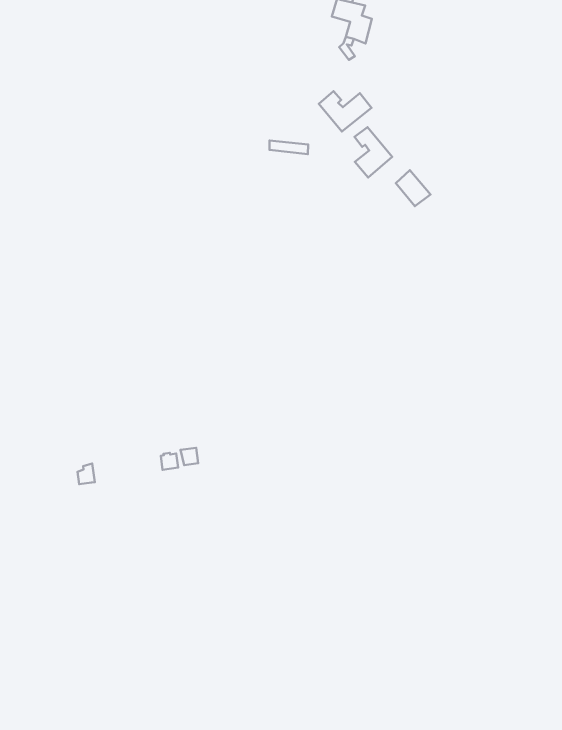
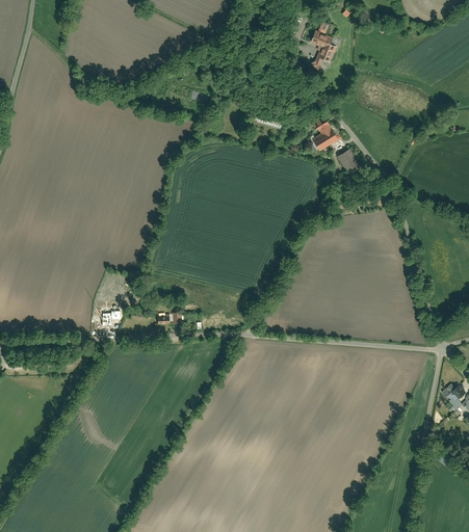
building: [319,91,372,132] -> none

